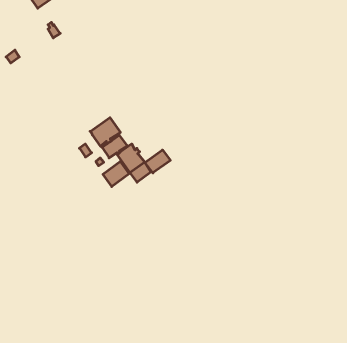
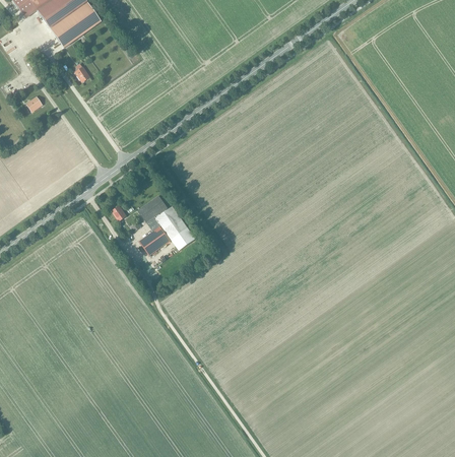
building: [90,118,120,146] -> none
building: [145,150,170,173] -> none

